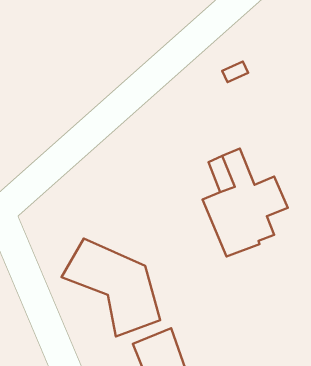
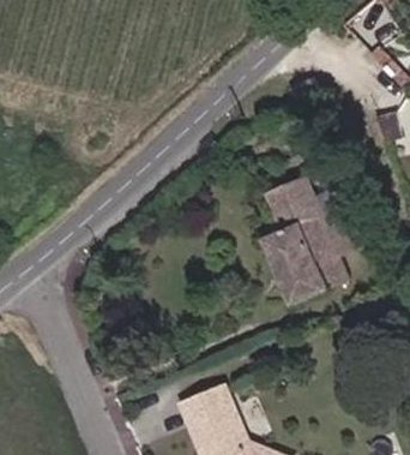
building: [62,238,160,336] -> none

